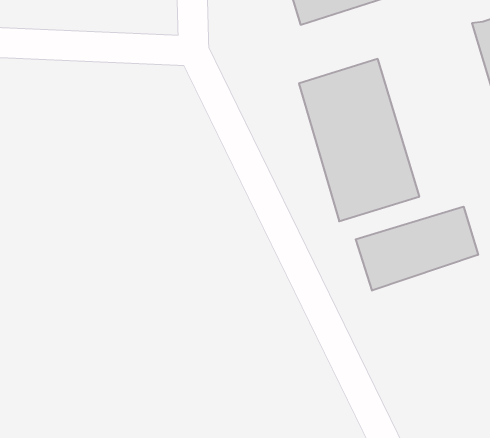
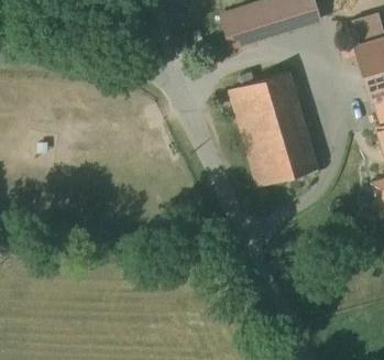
building: [356,207,478,291] -> none

